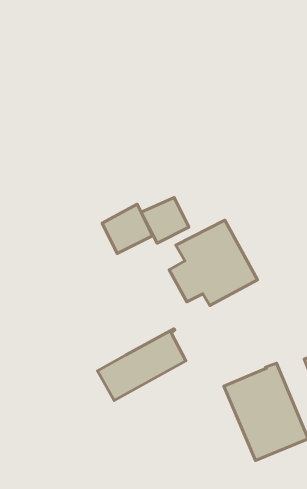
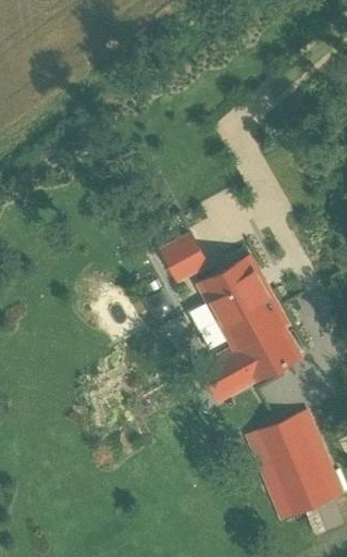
building: [102,204,152,253] -> none
building: [97,329,186,401] -> [202,322,299,400]

